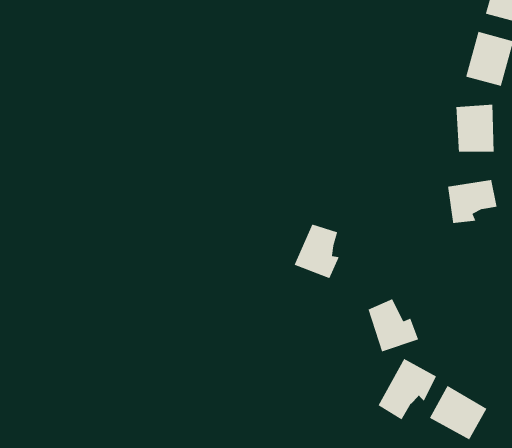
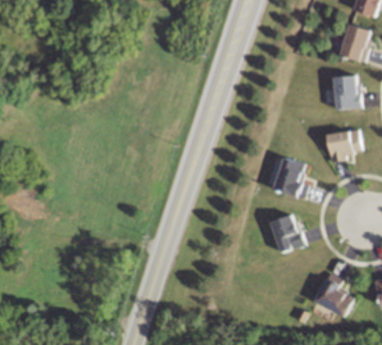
building: [294,223,340,279] -> [273,157,306,197]
building: [377,358,437,421] -> none

